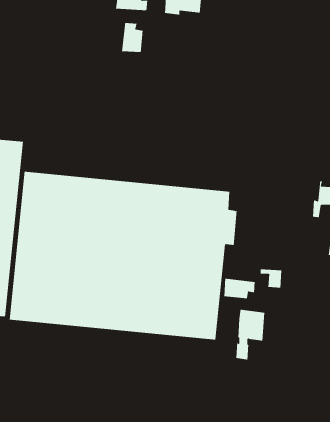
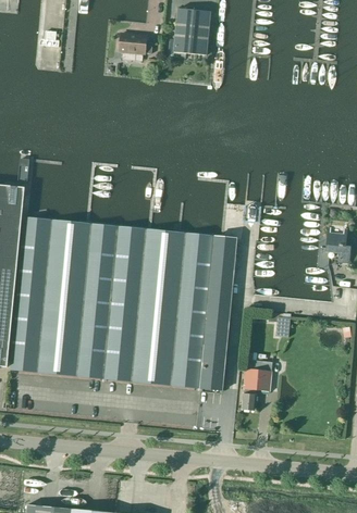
building: [121,22,143,53] -> none
building: [224,278,255,299] -> none

